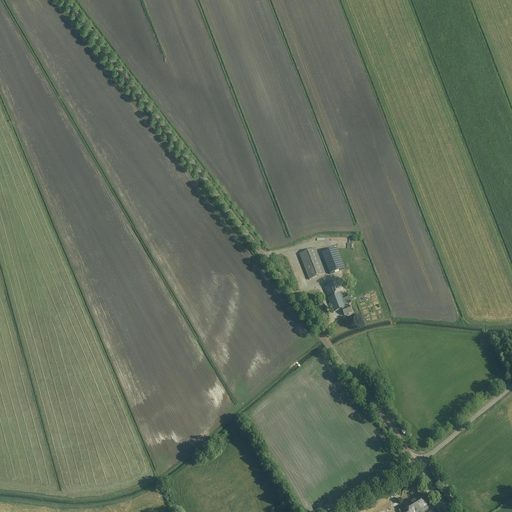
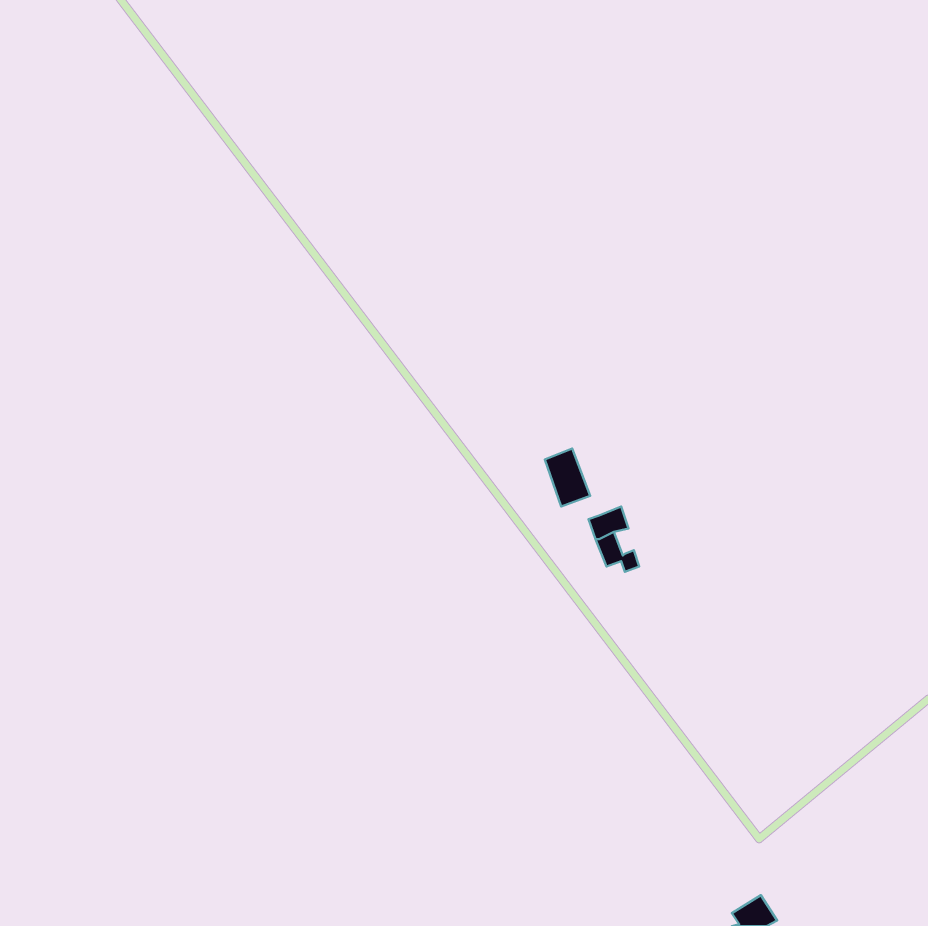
building: [322,247,345,273] -> none

